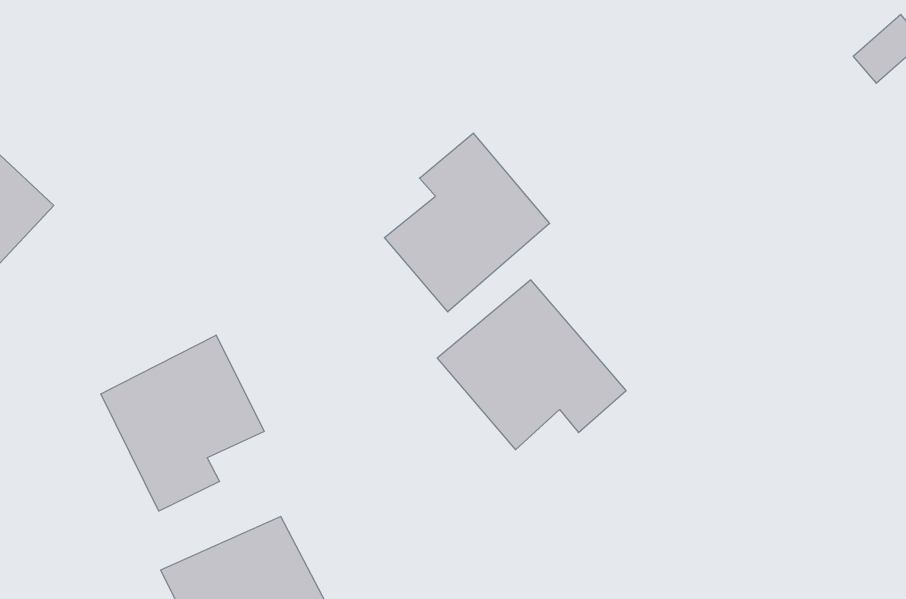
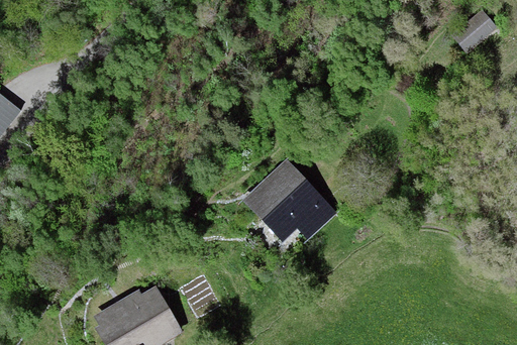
building: [384,133,550,312] -> none
building: [101,335,264,511] -> none

